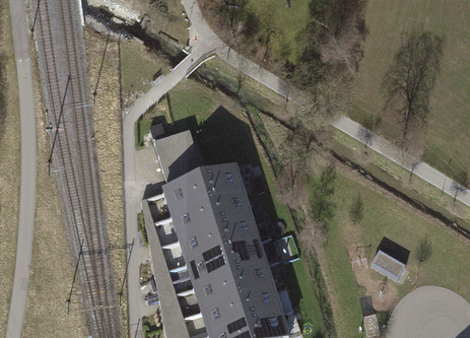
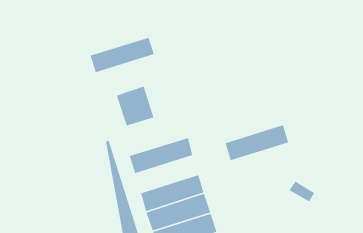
building: [164,175,247,220] -> [89,37,155,73]
building: [179,220,260,267] -> [225,124,289,161]

